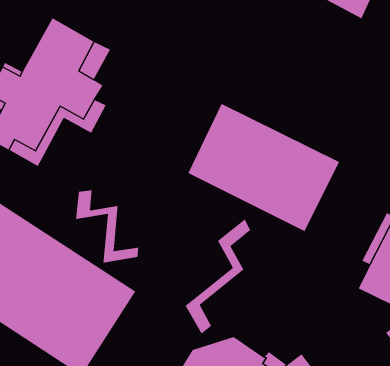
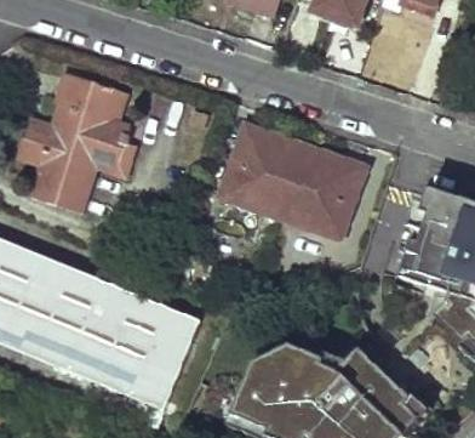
building: [76,189,139,264] -> none
building: [185,218,251,335] -> none

